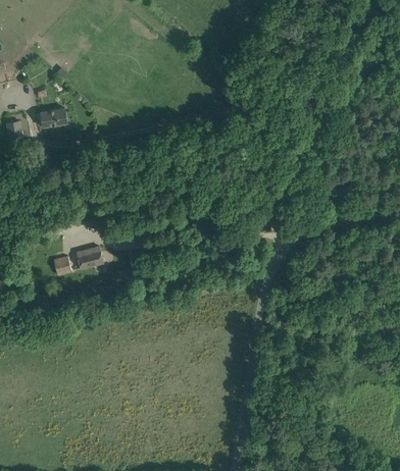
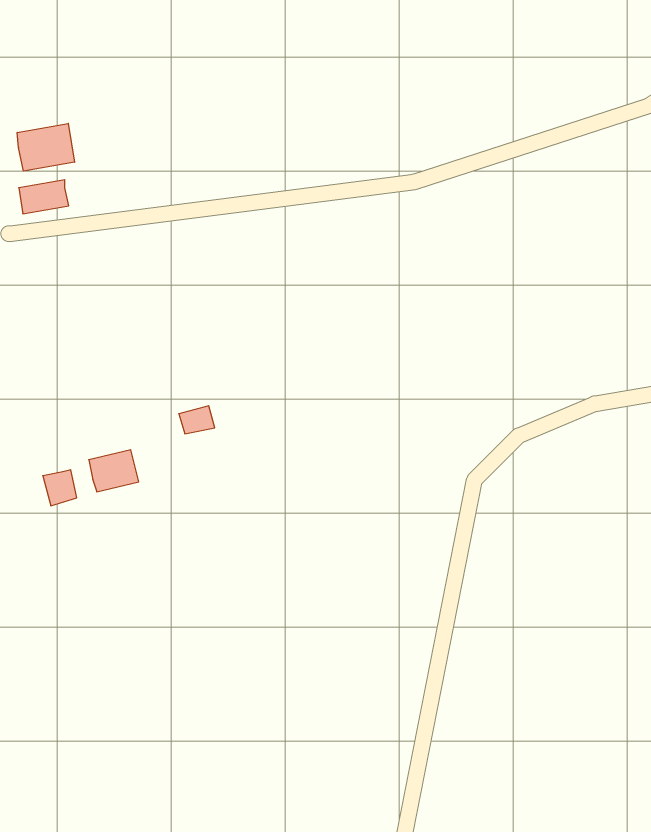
building: none -> [17,123,75,171]

